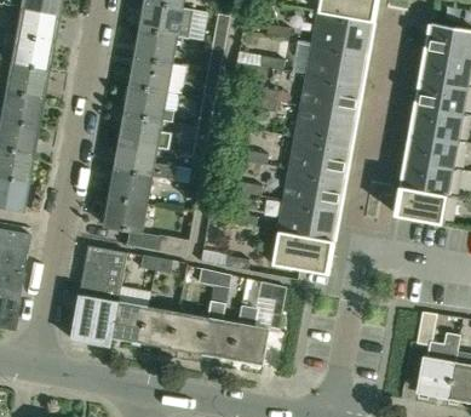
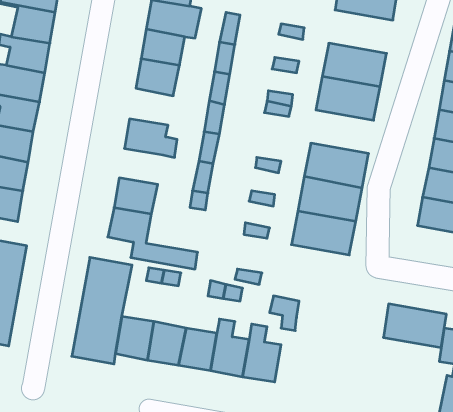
building: [312,11,373,52] -> none
building: [125,85,174,121] -> none
building: [295,105,355,147] -> none
building: [115,142,177,179] -> none
building: [272,233,332,274] -> [383,304,446,348]

